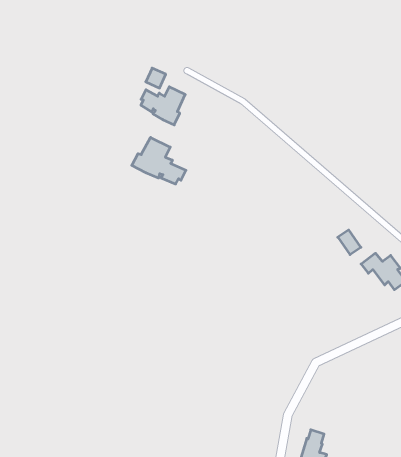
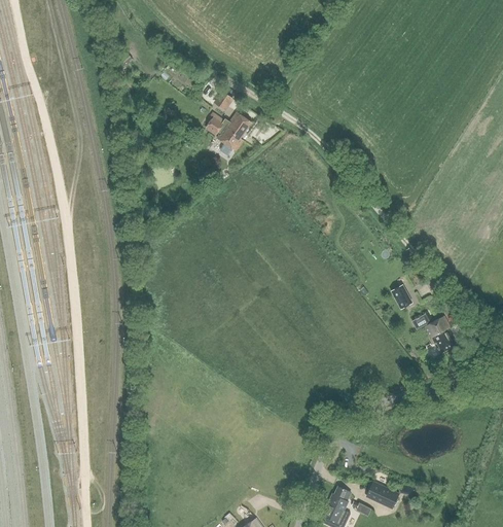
building: [132,137,186,184] -> none
building: none -> [365,482,399,510]

